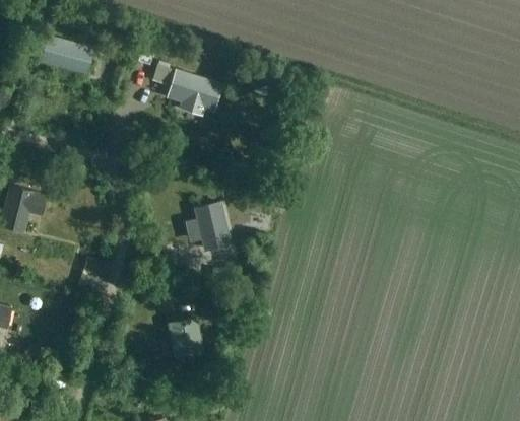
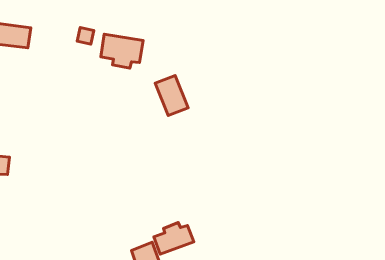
building: [195,204,229,249] -> [155,76,188,115]
building: none -> [154,223,194,254]

